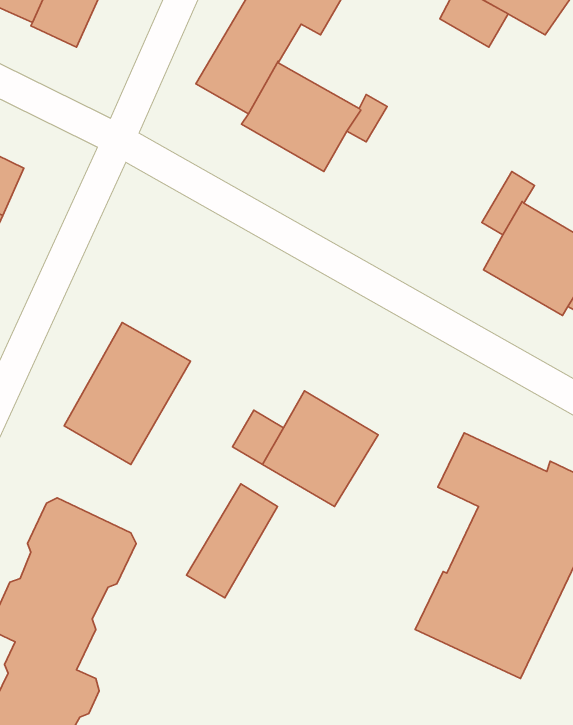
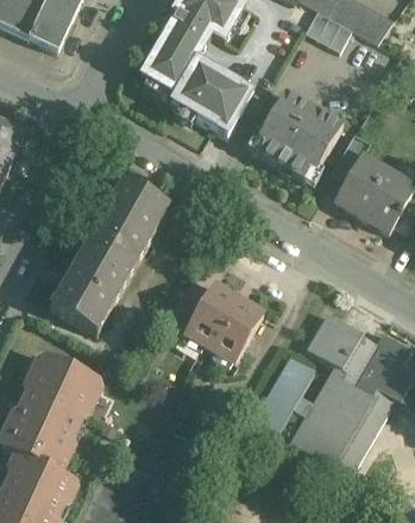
building: none -> [256,92,341,179]
building: none -> [89,181,168,263]
building: [186,484,278,598] -> [252,353,314,430]

